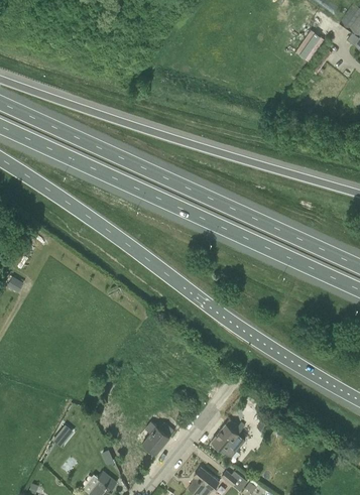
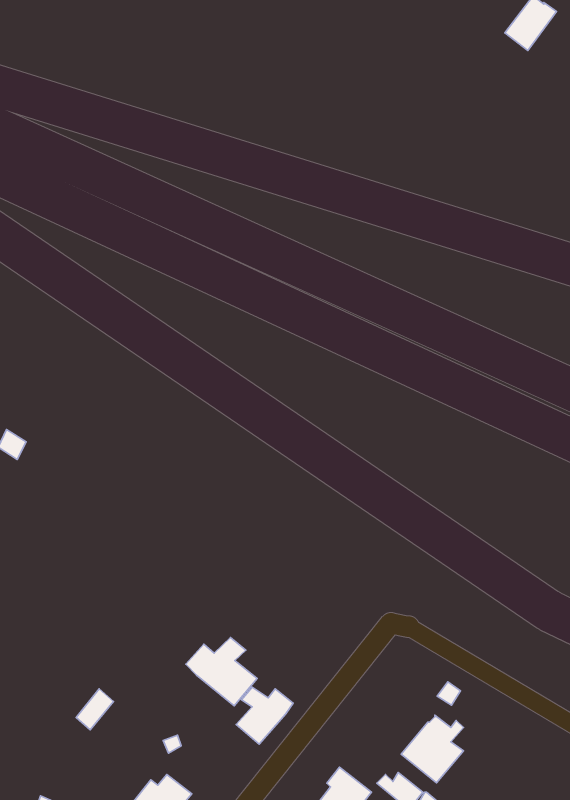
building: none -> [186,638,257,706]
building: [210,418,245,457] -> [401,715,463,783]

